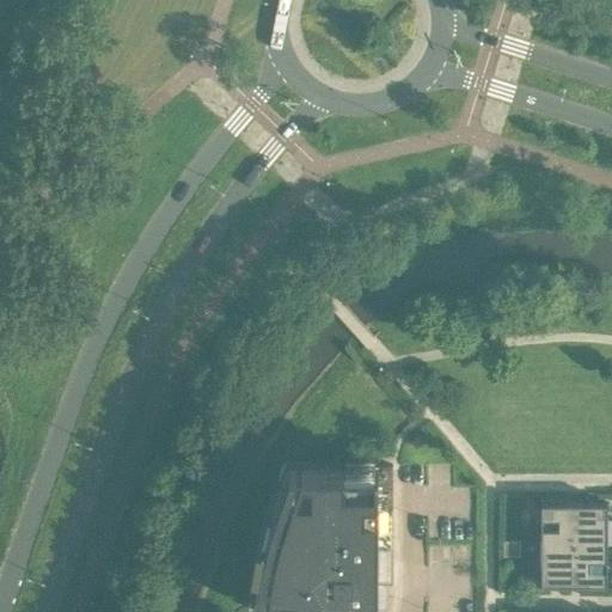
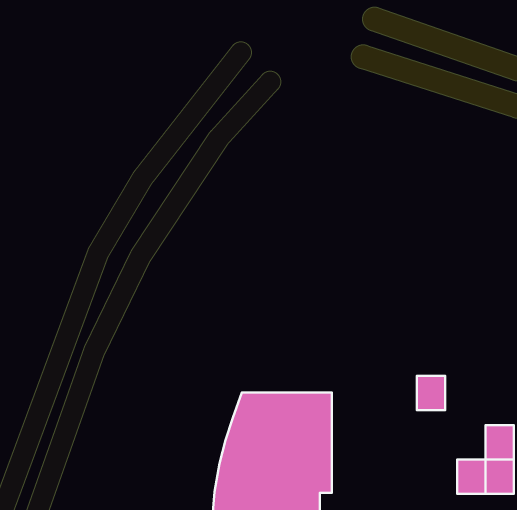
building: [540,510,574,551] -> [417,376,445,410]

